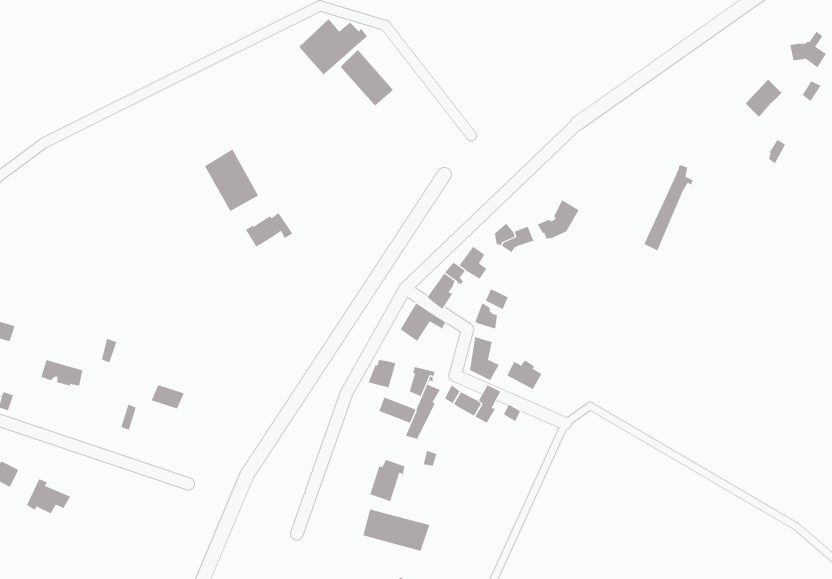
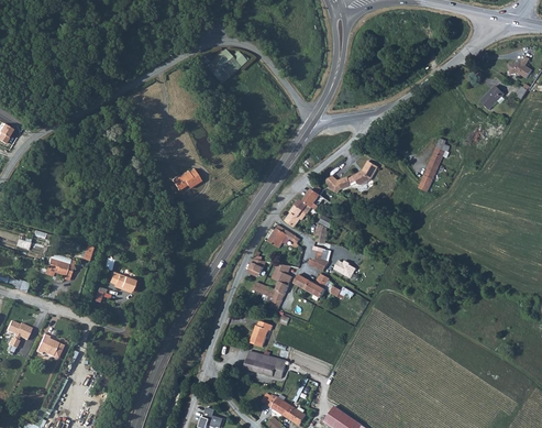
building: [340,49,394,107] -> none
building: [204,149,259,212] -> none

